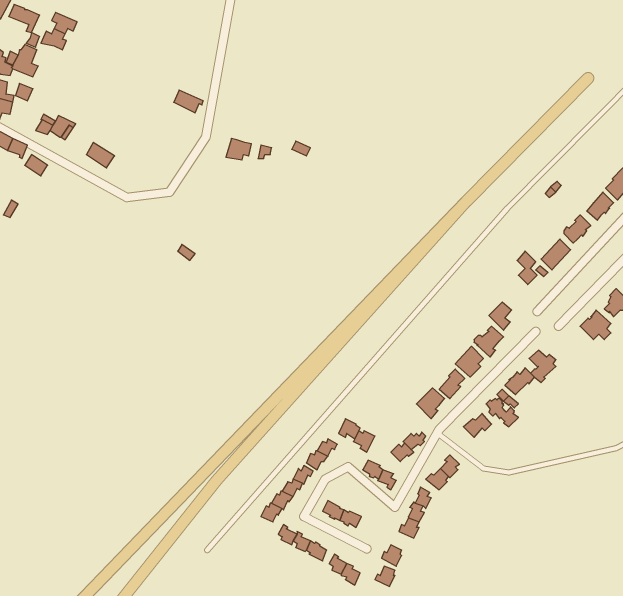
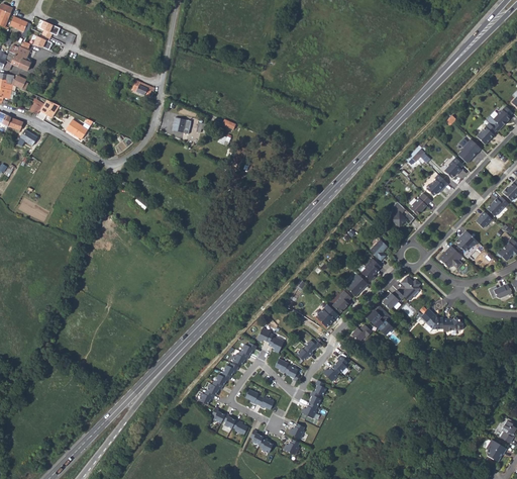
building: none -> [420,308,462,330]

